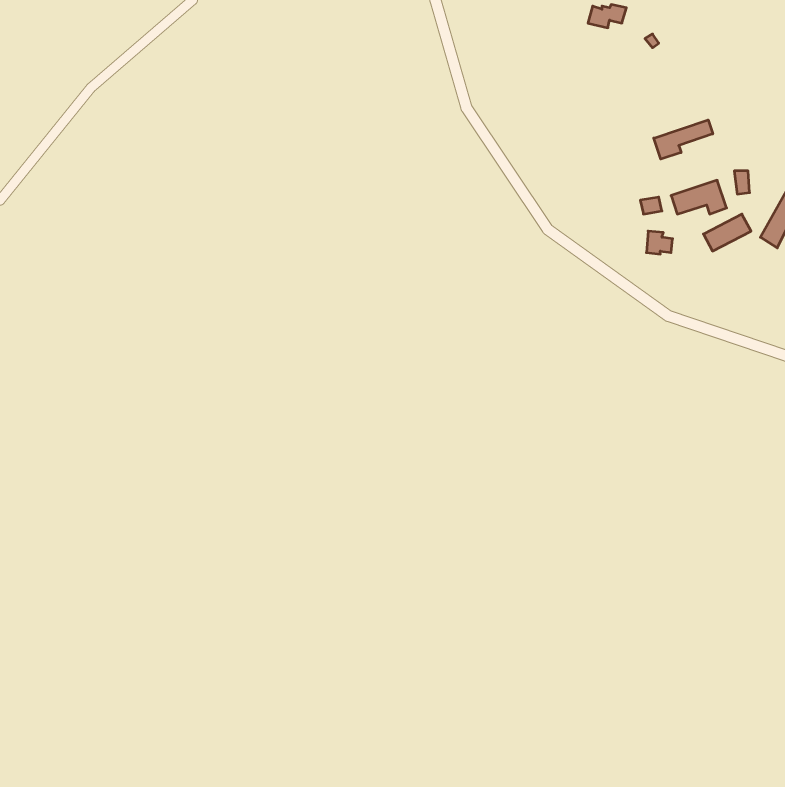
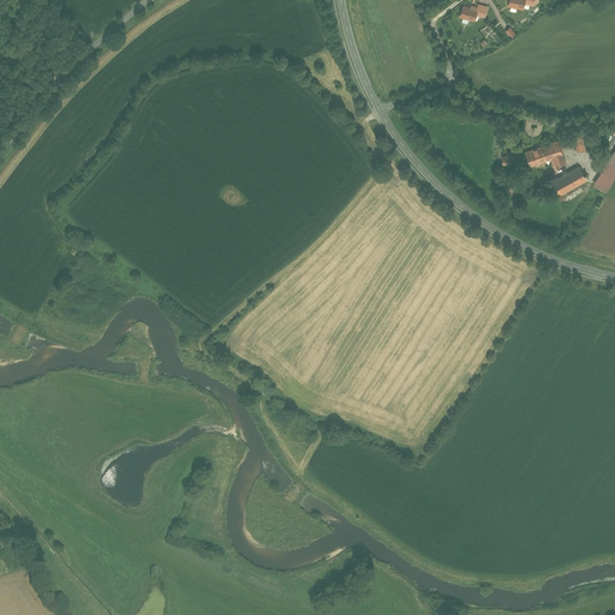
building: [654,120,713,159] -> none

